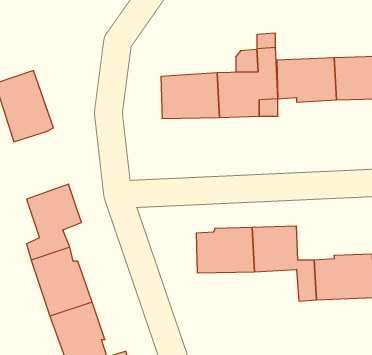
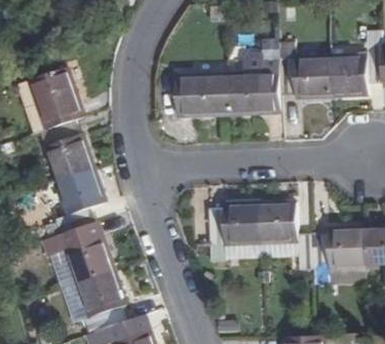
building: none -> [41,122,93,182]

